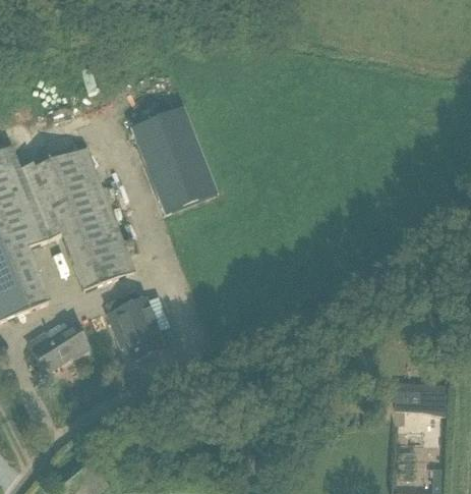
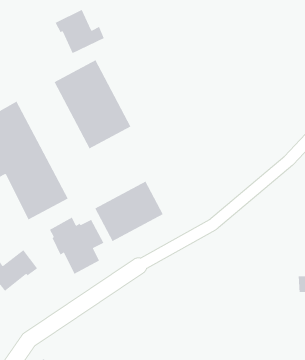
building: none -> [55,9,105,54]
building: none -> [94,181,164,242]

